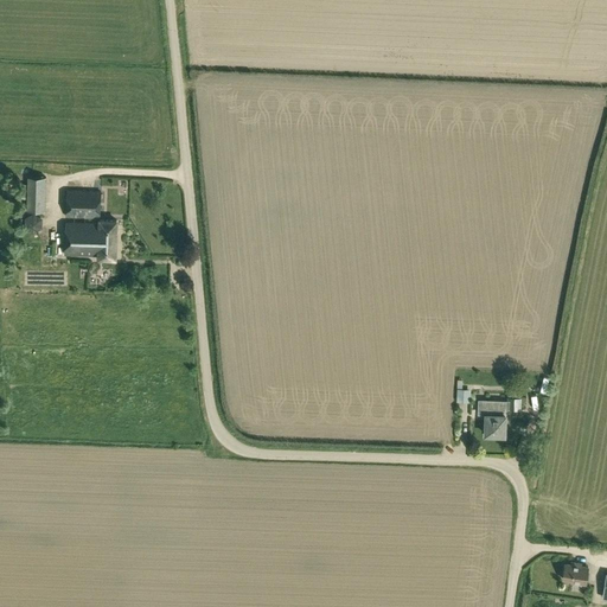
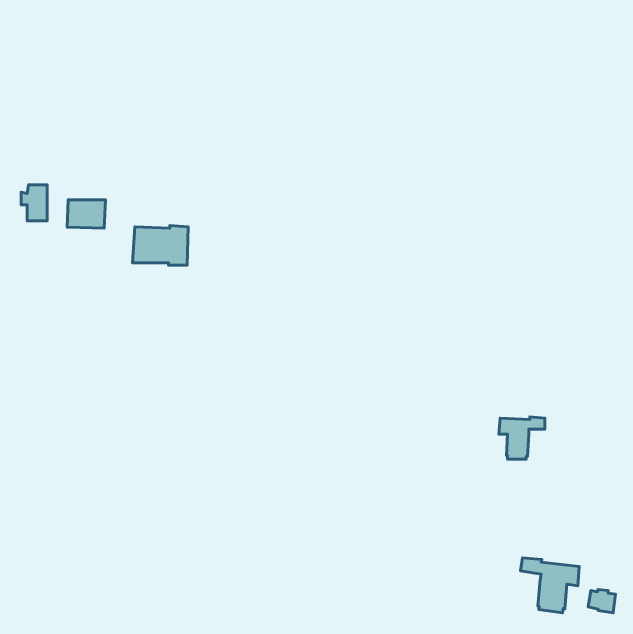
building: [63,221,116,258] -> [132,226,188,265]
building: none -> [521,558,579,613]

